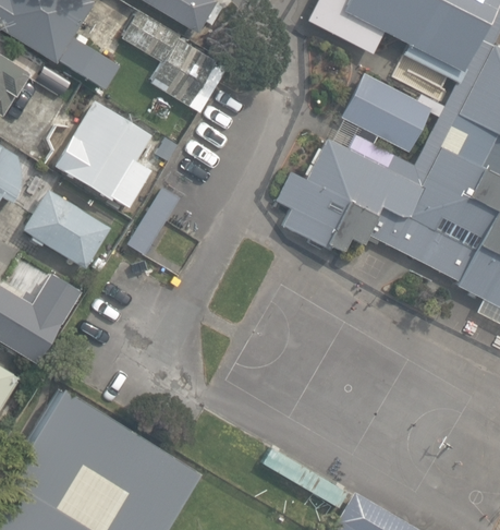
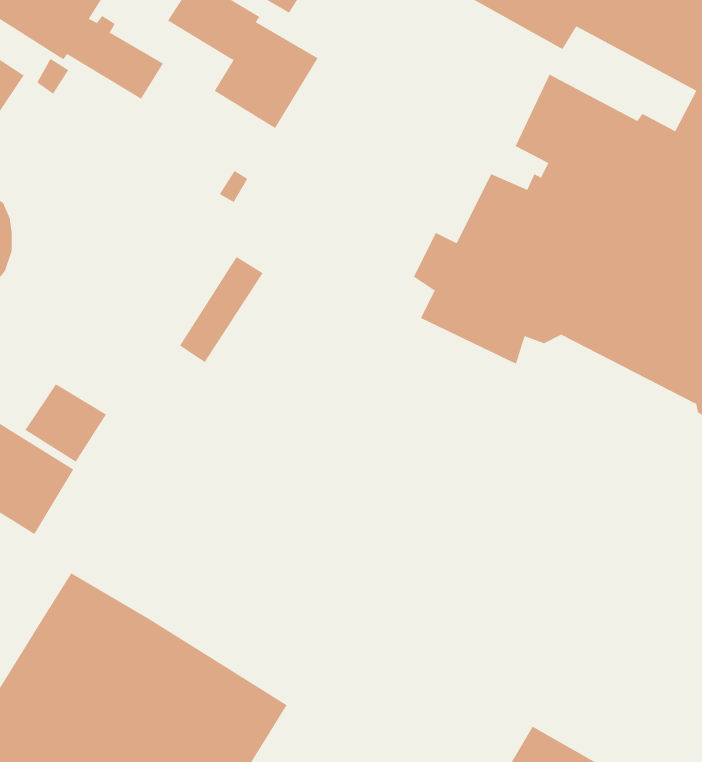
building: [53,99,151,206] -> none
building: [23,186,111,268] -> none

